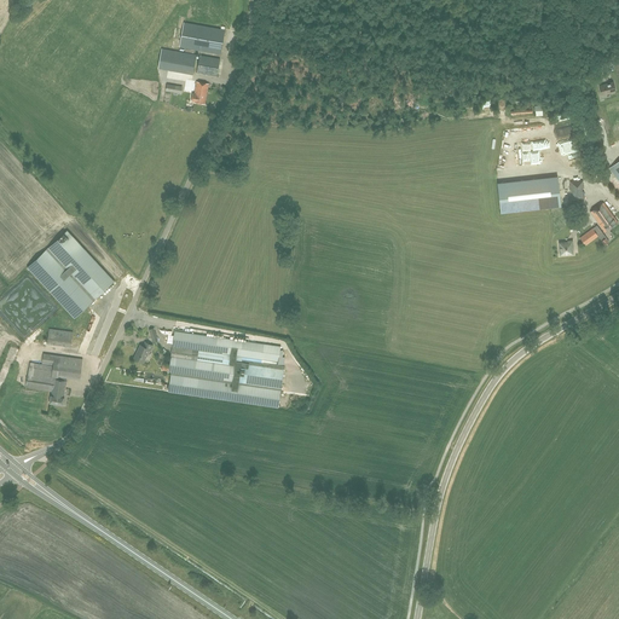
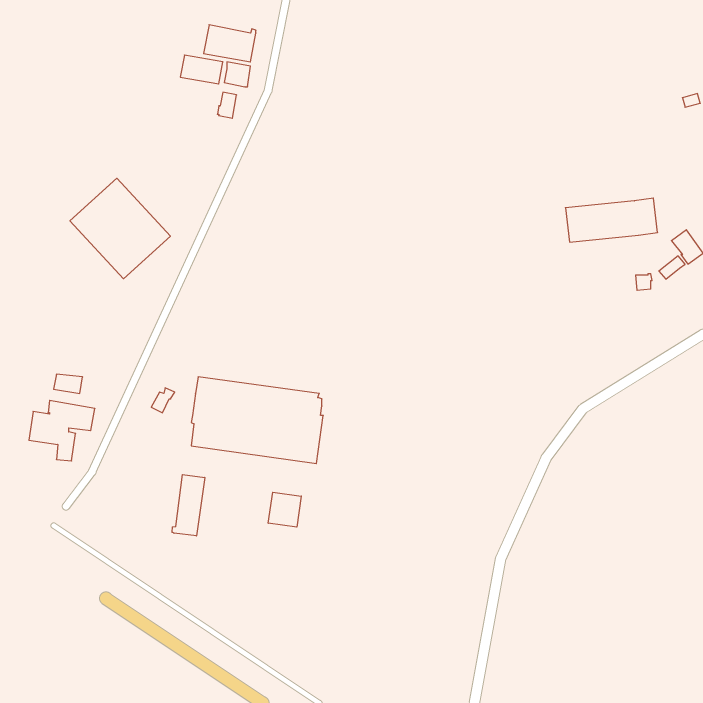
building: [27,230,115,318] -> [70,178,170,279]
building: none -> [172,475,205,536]
building: none -> [268,492,301,527]

